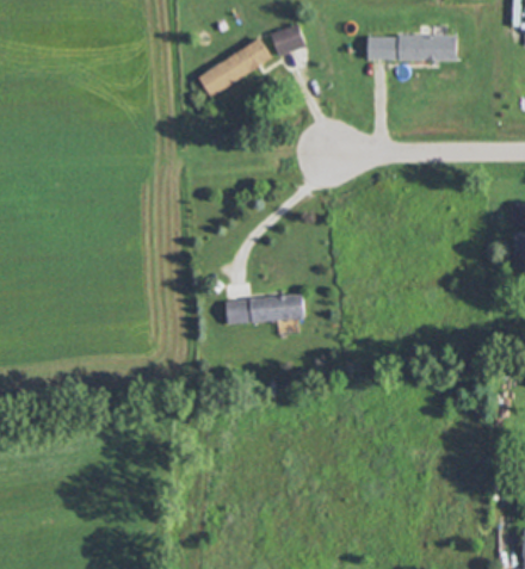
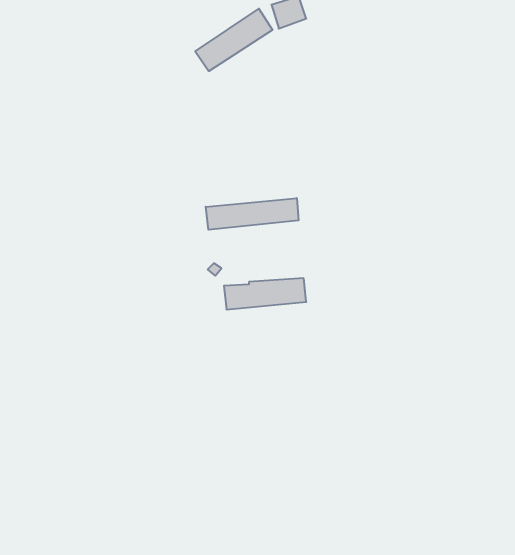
building: [366,36,456,61] -> none
building: none -> [206,198,298,230]

